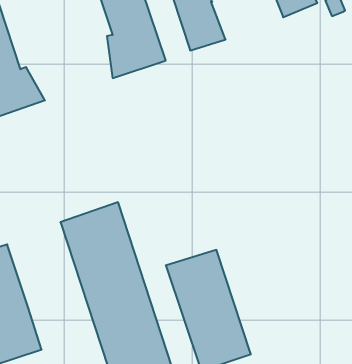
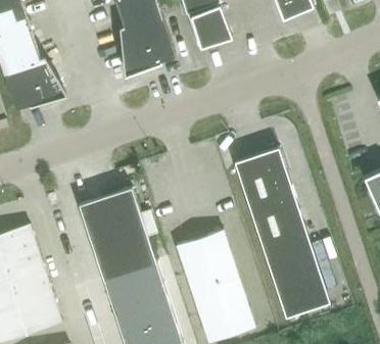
building: none -> [235,148,330,317]

